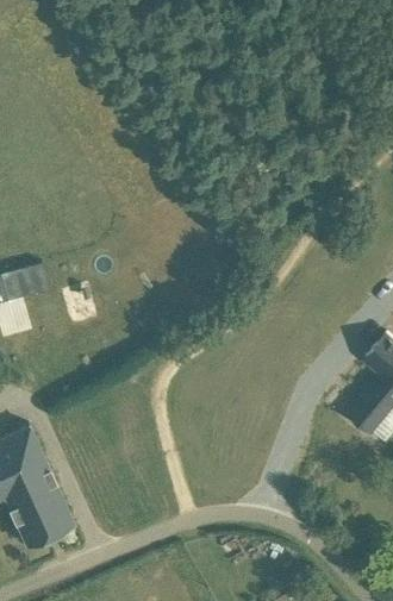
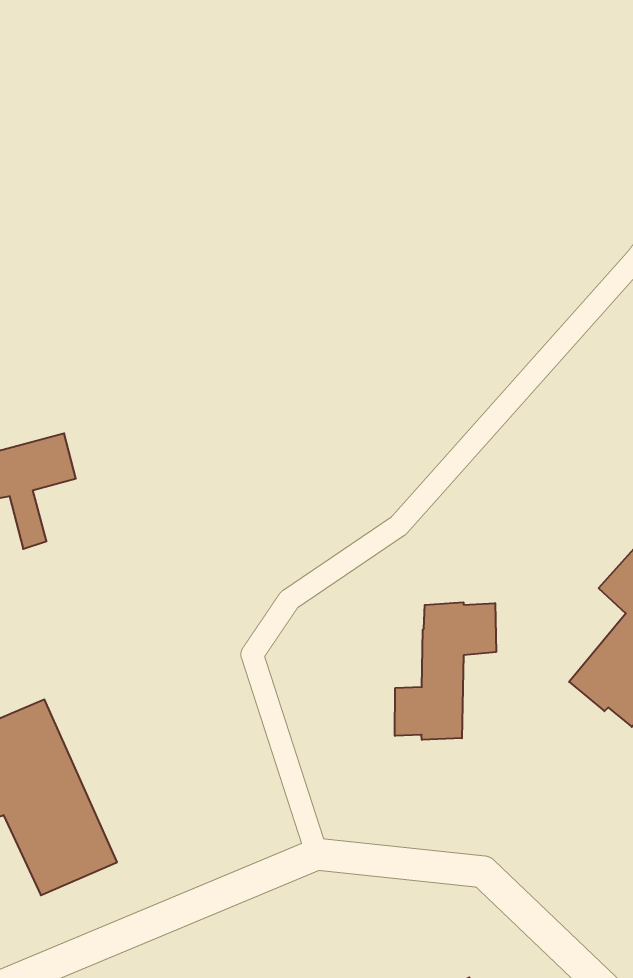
building: none -> [395,602,496,740]

